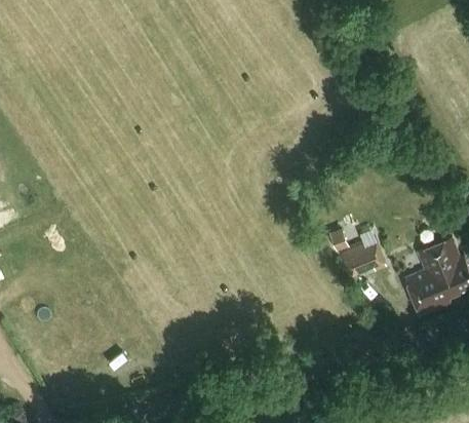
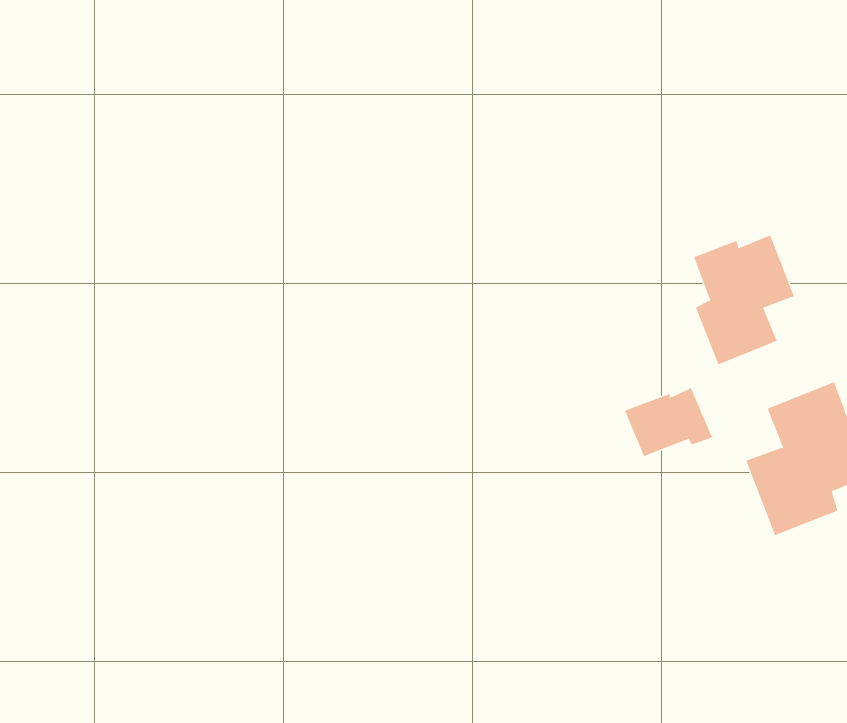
building: none -> [694,235,795,365]

